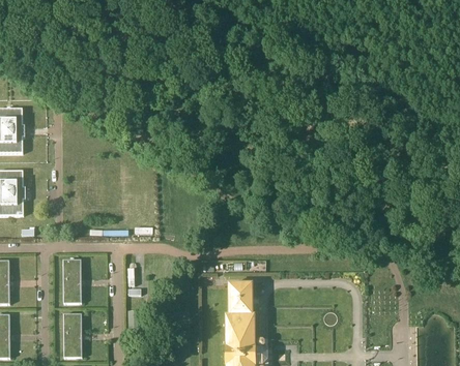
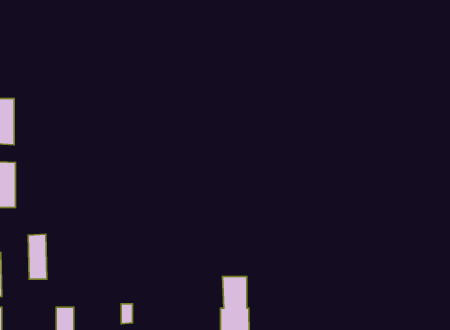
building: [63,260,82,304] -> [28,234,47,279]

